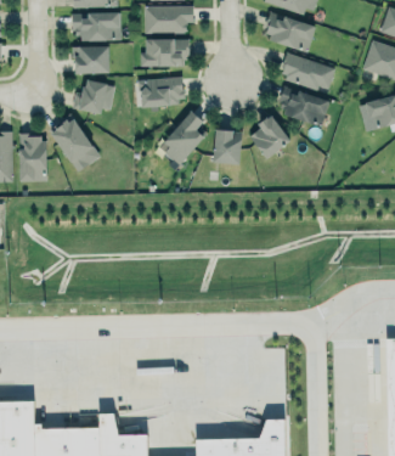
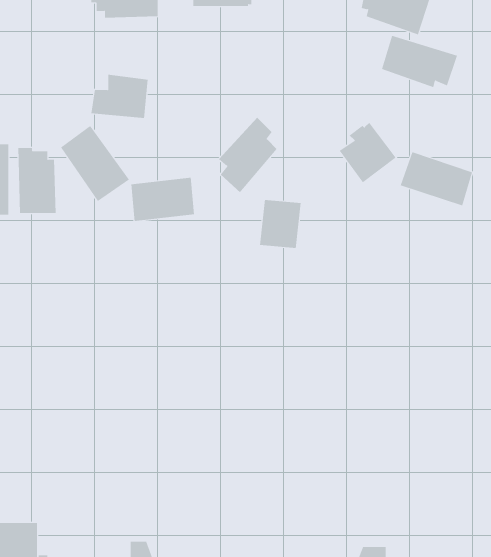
building: [141,38,190,64] -> none
building: [72,45,111,73] -> none
building: [137,75,184,107] -> [130,177,195,221]
building: [276,86,328,125] -> [400,152,473,206]
building: [211,129,242,164] -> [259,199,301,249]

